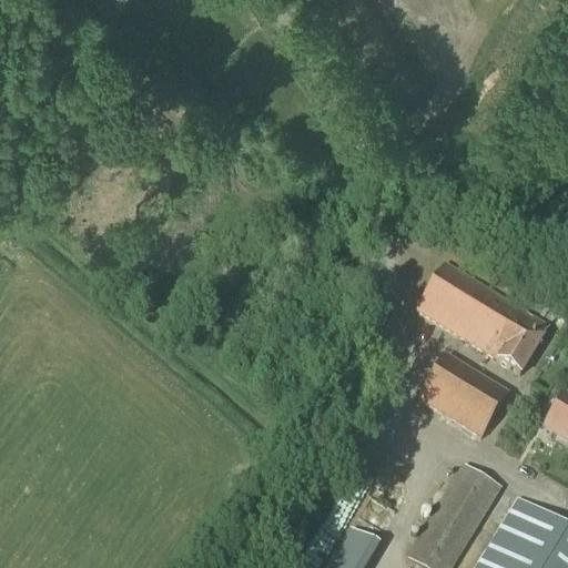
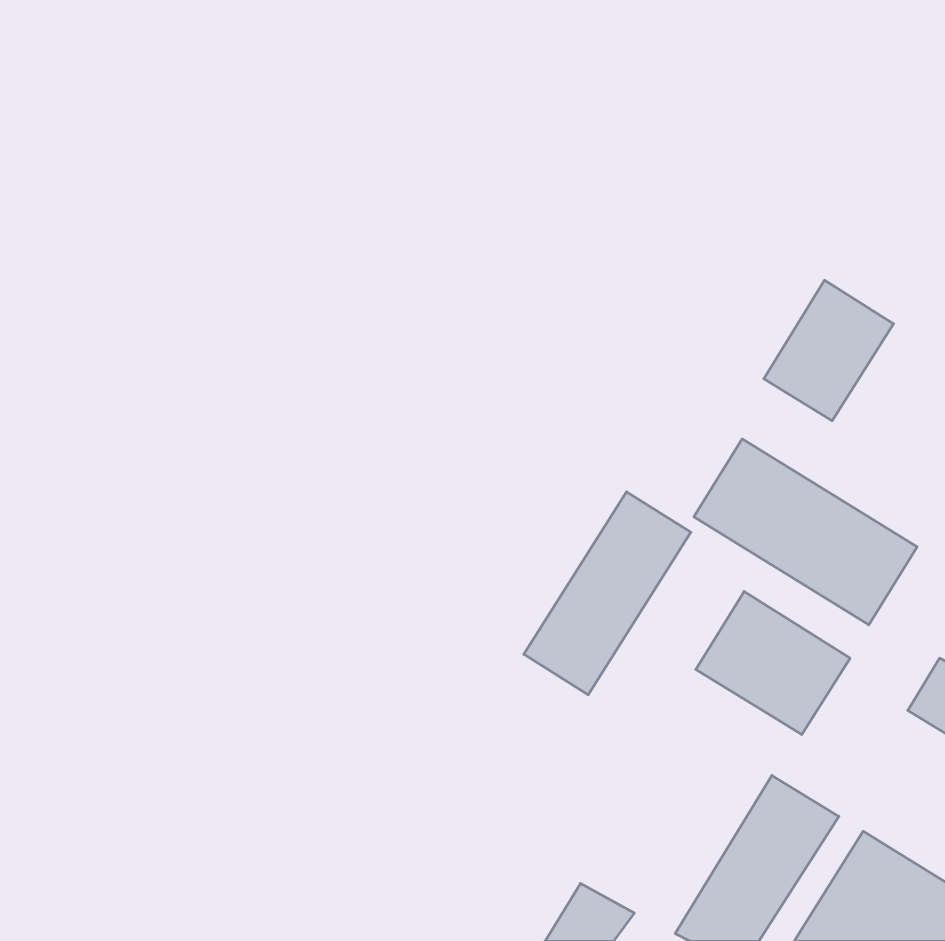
building: none -> [764,280,894,421]
building: none -> [524,492,691,695]

